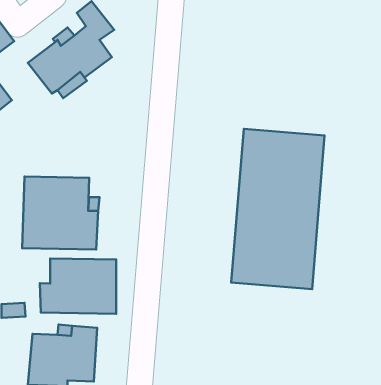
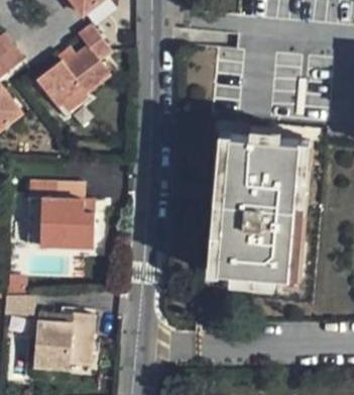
building: [40,258,116,314] -> none

